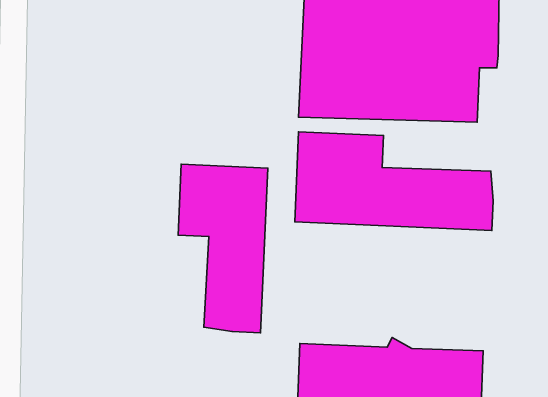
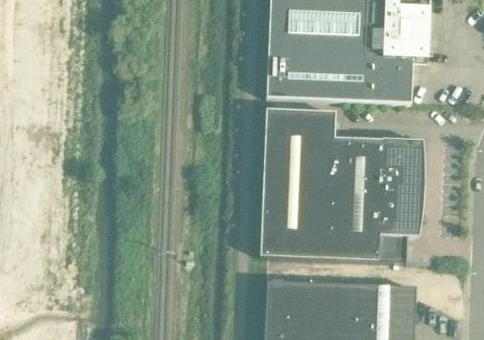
building: [178,164,268,333] -> none
building: none -> [260,182,423,262]

